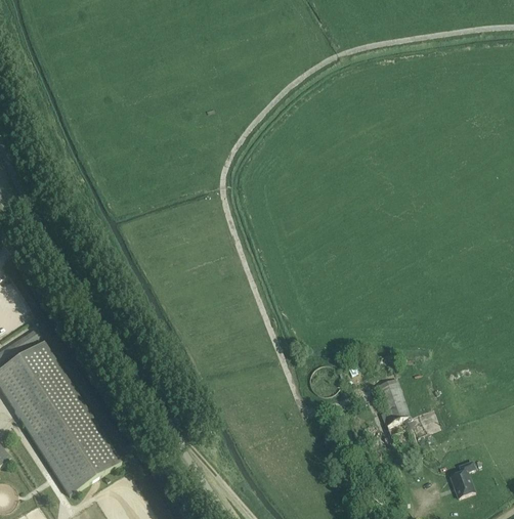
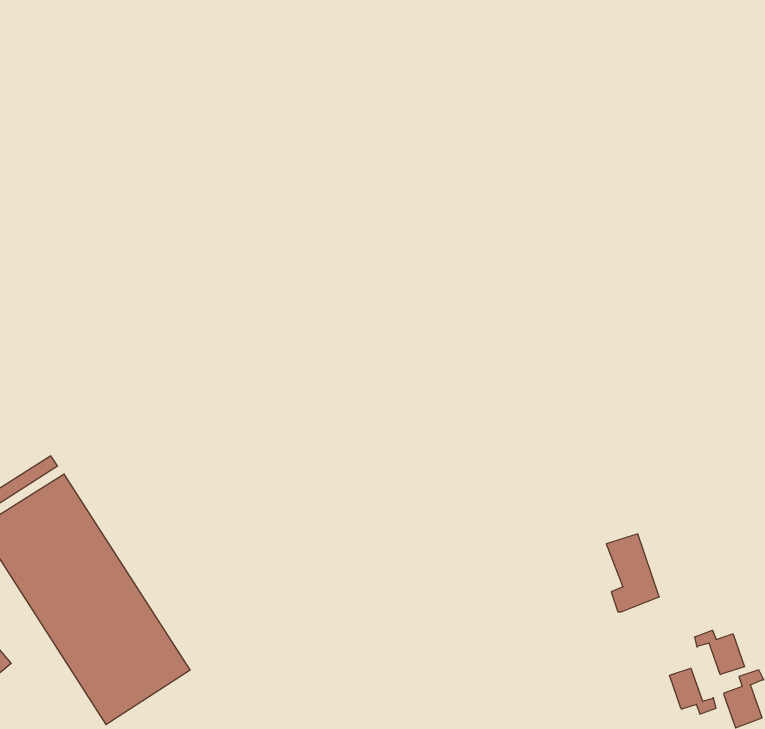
building: none -> [695,630,745,675]
building: none -> [669,668,716,714]

